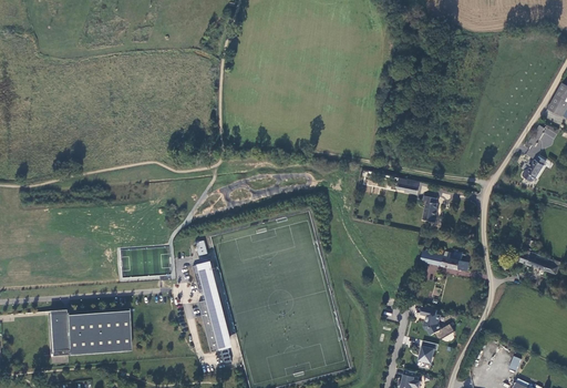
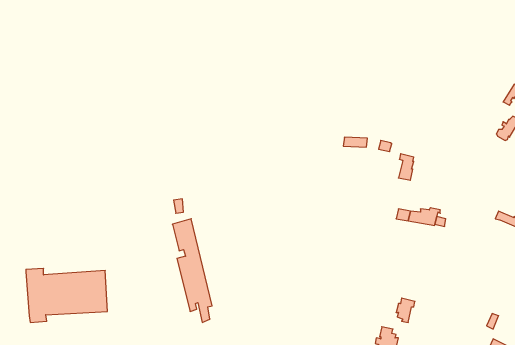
building: [423,305,456,338] -> none

